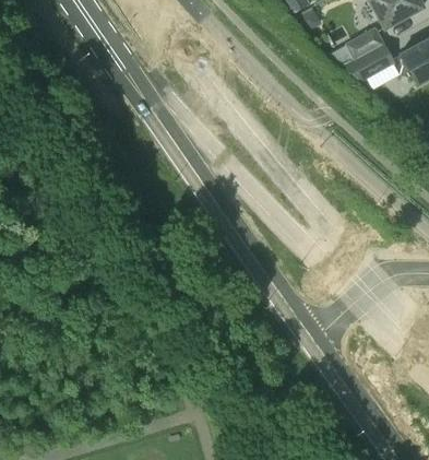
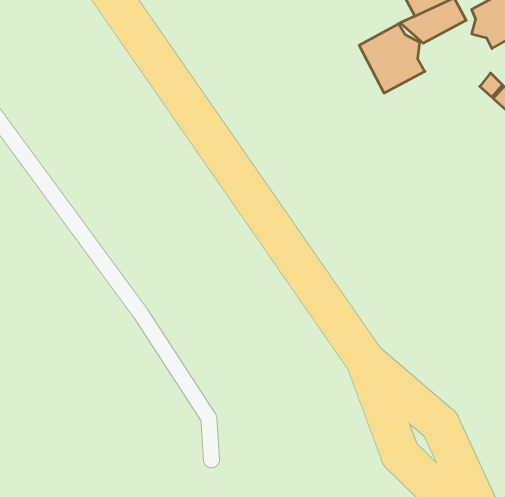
building: none -> [359,24,425,93]

